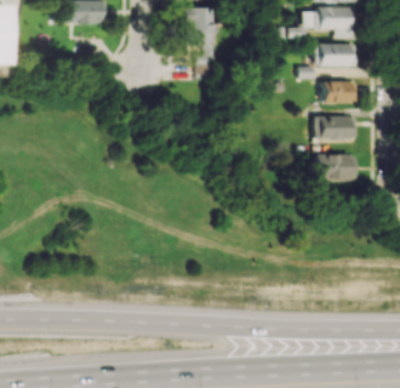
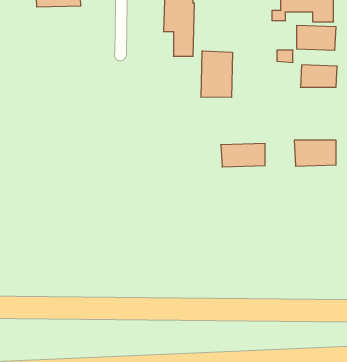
building: none -> [201,51,232,97]
building: [314,116,358,139] -> [221,143,265,167]

